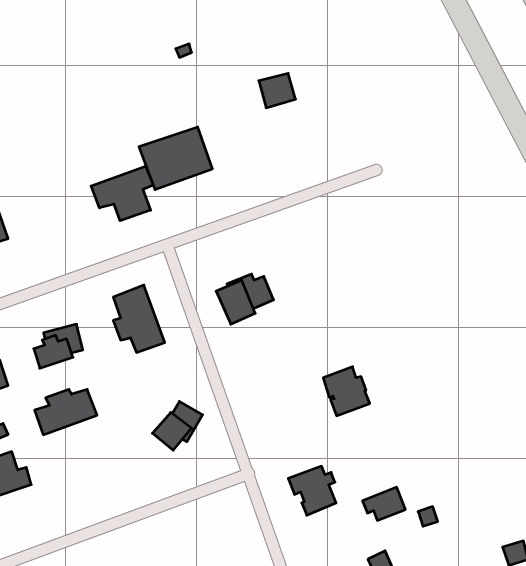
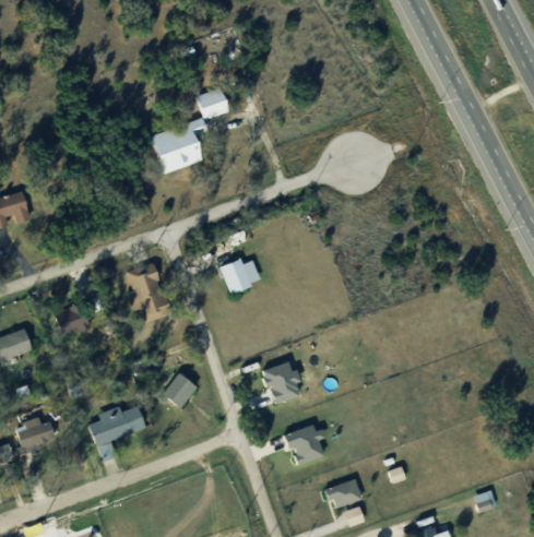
building: [259,73,296,108] -> [194,90,227,120]
building: [91,166,153,221] -> none
building: [323,367,370,416] -> [261,360,302,404]
building: [35,389,97,435] -> [88,406,144,446]
building: [363,487,405,520] -> [323,477,361,506]

